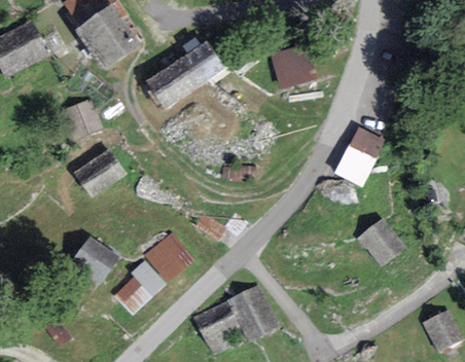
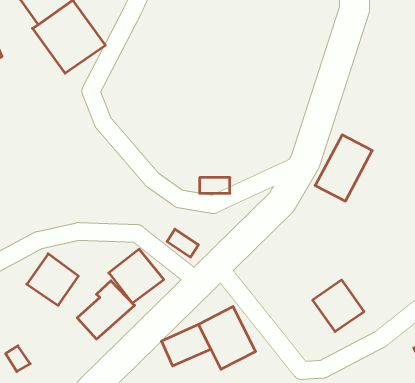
building: [146,41,224,109] -> none
building: [271,47,316,88] -> none
building: [63,99,102,139] -> none
building: [74,148,128,198] -> none
building: [358,219,405,266] -> [313,280,364,332]

